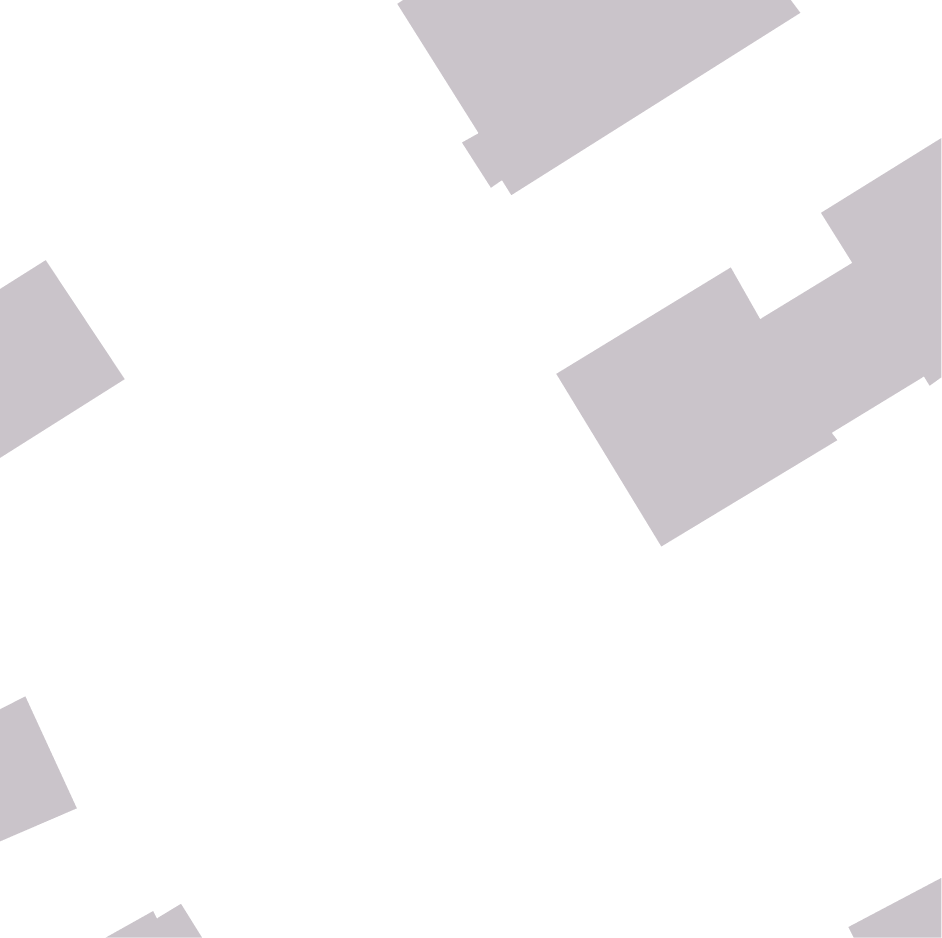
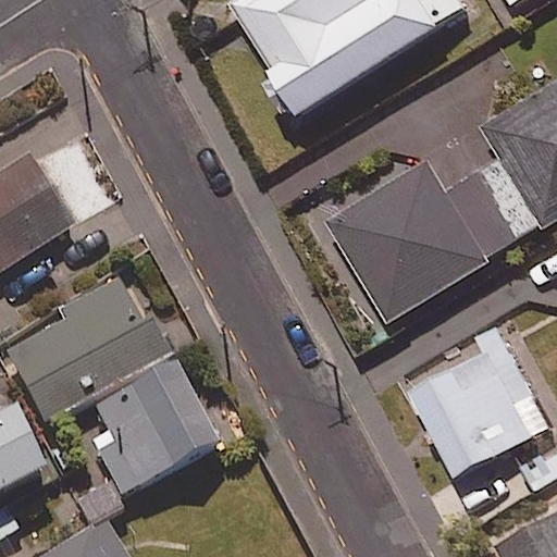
building: none -> [8,280,169,421]
building: none -> [412,324,536,474]
building: none -> [90,363,218,497]

